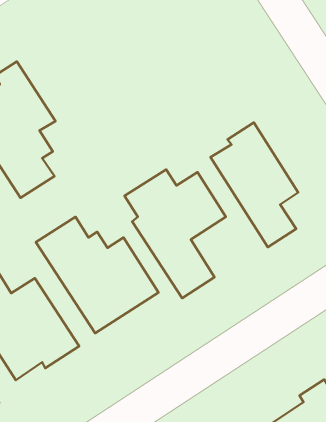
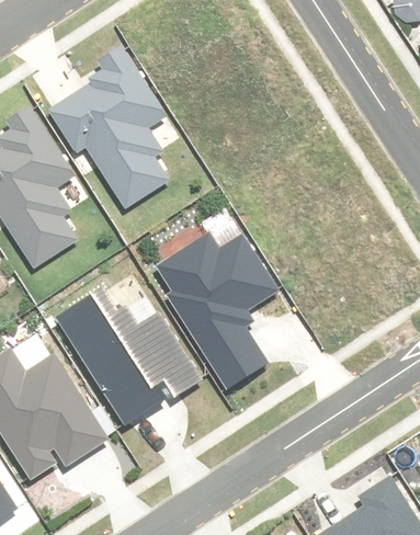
building: none -> [48,46,167,205]
building: [210,122,298,247] -> none

